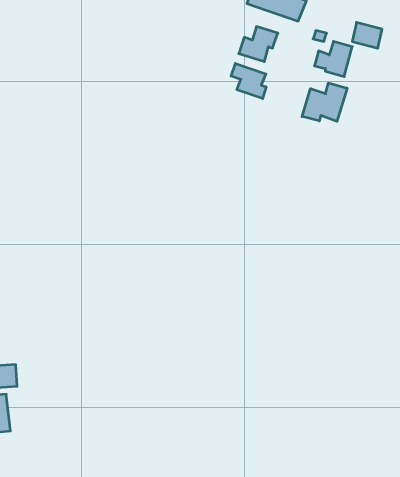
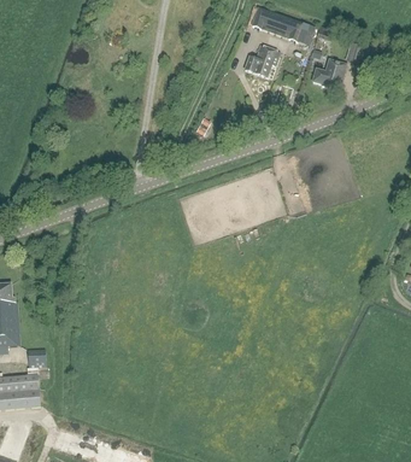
building: [231,63,266,99] -> none
building: [302,83,347,121] -> none

